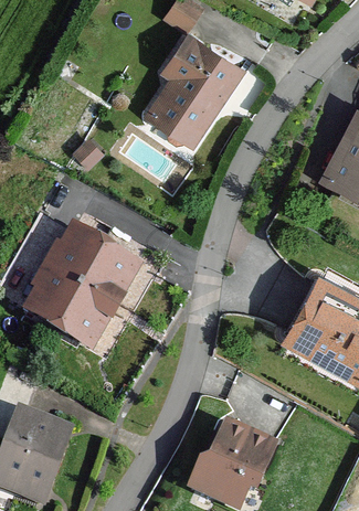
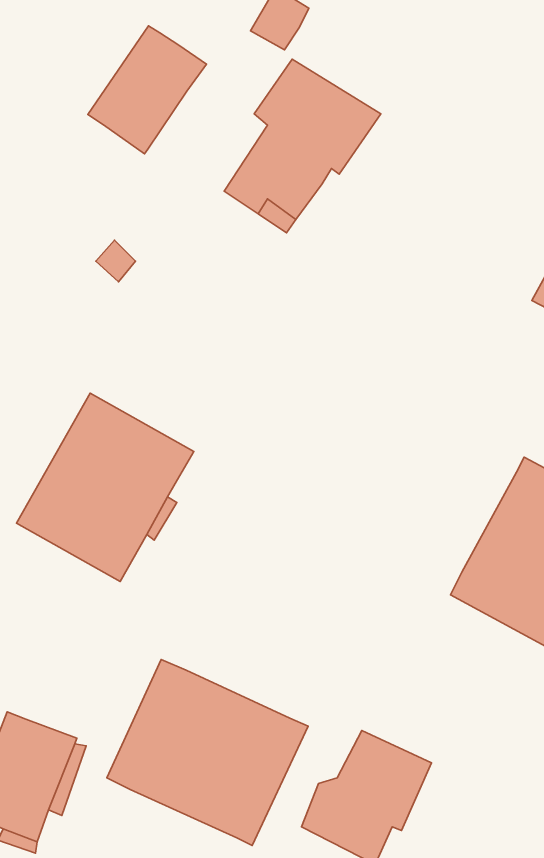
building: none -> [88,26,206,154]
building: none -> [107,660,308,845]

